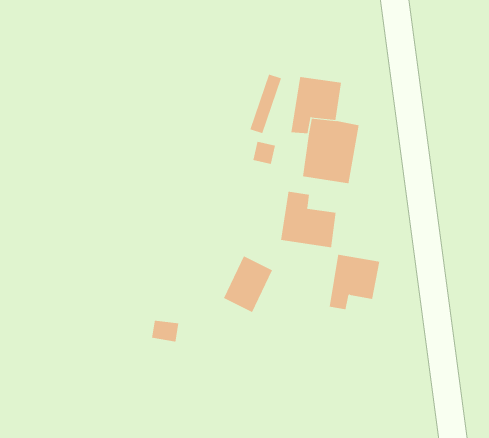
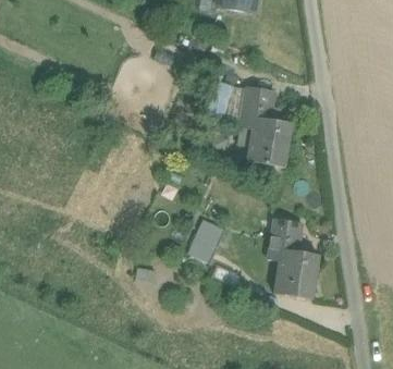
building: [281,191,336,248] -> none
building: none -> [274,248,318,298]

